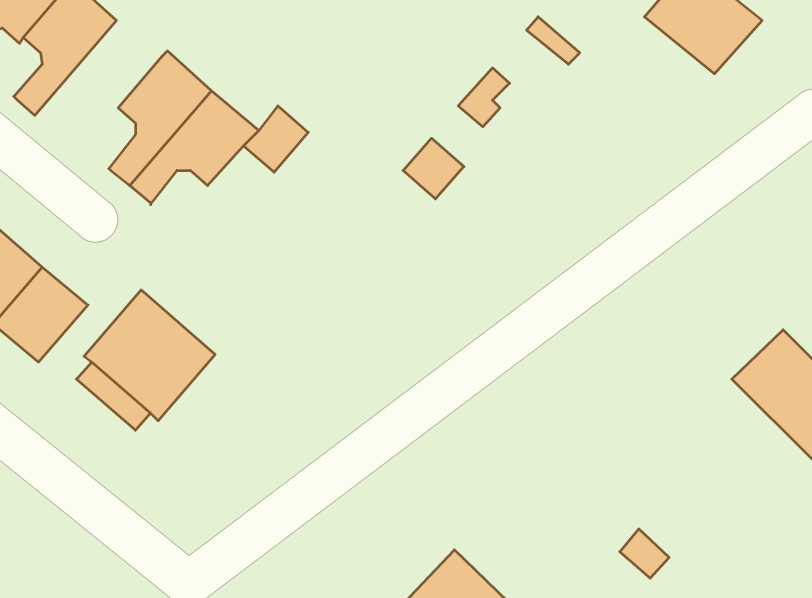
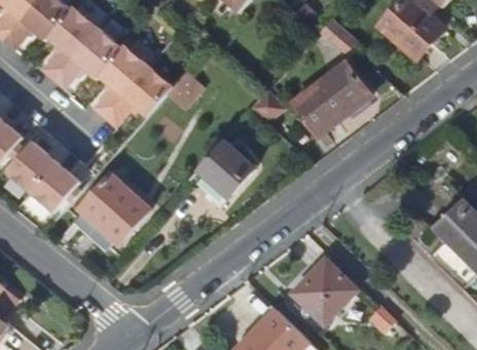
building: none -> [51,27,120,87]
building: none -> [294,63,370,133]
building: none -> [197,139,256,197]
building: none -> [290,256,356,321]

